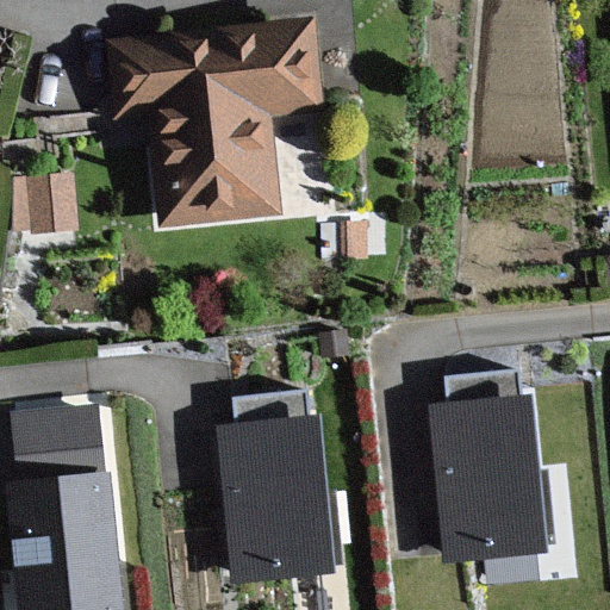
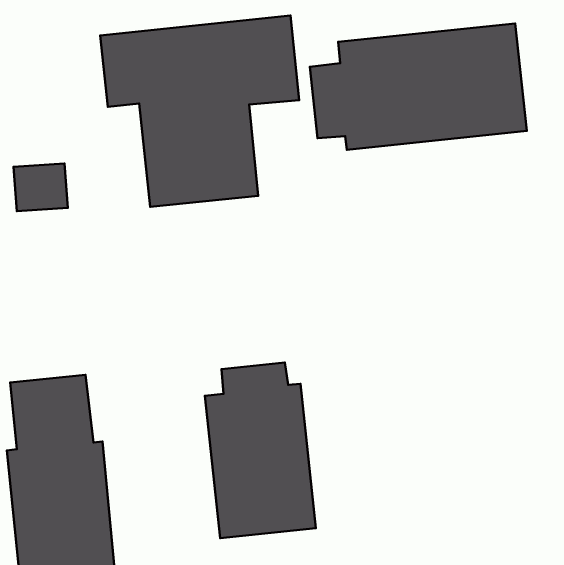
building: none -> [310,24,527,150]
building: [430,373,548,561] -> none

